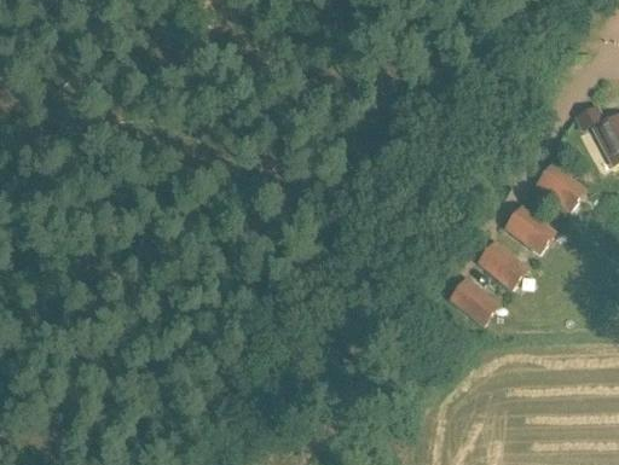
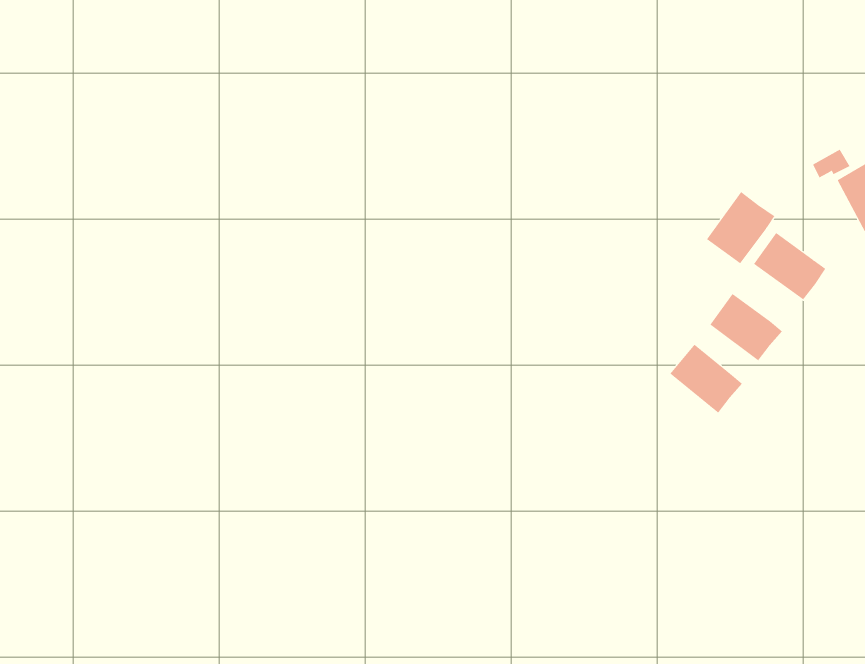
building: none -> [706,191,775,264]
building: [450,277,501,325] -> none

